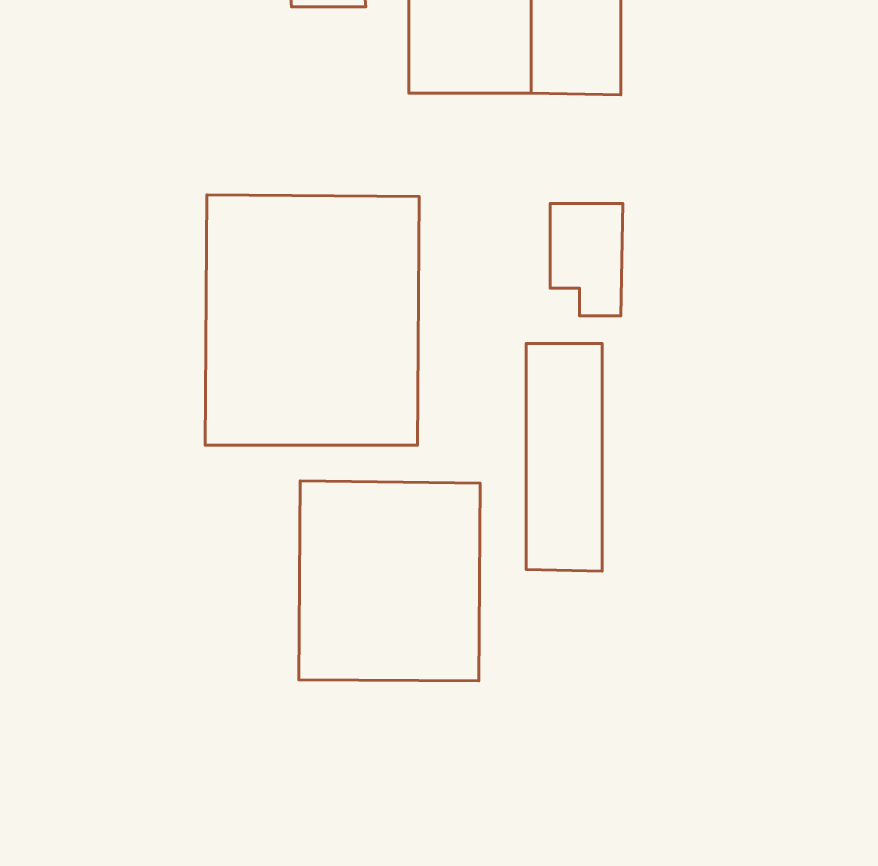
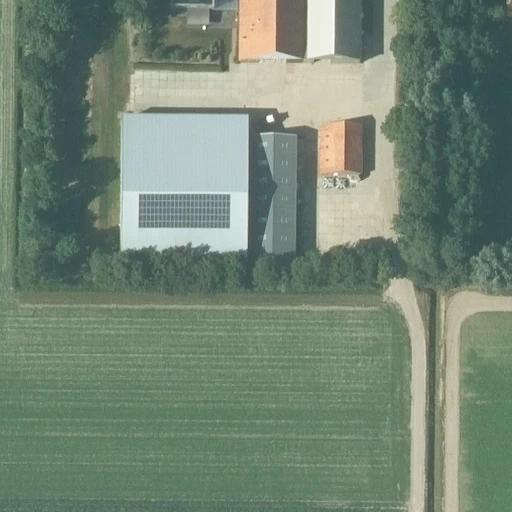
building: [526,343,602,571] -> [251,132,295,264]
building: [299,481,480,681] -> none

